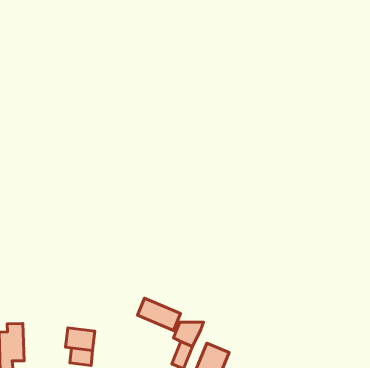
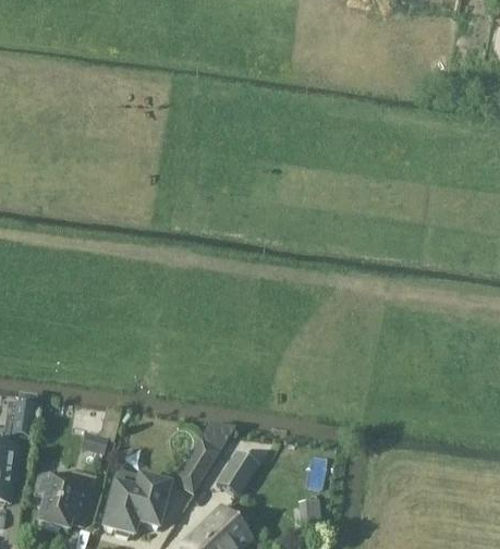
building: [137,298,181,330] -> none
building: [66,328,95,350] -> none

